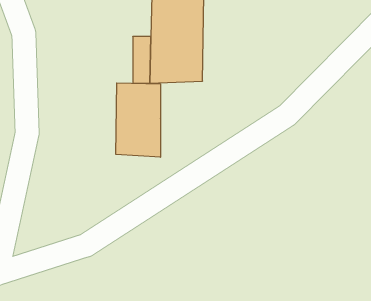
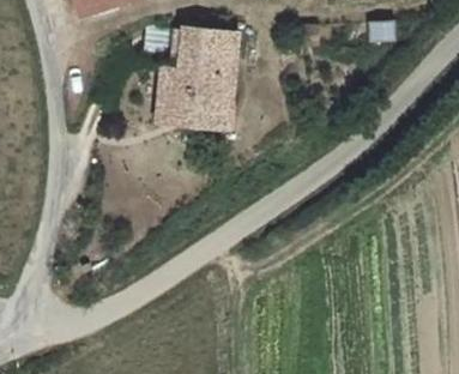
building: [116,83,160,157] -> none

